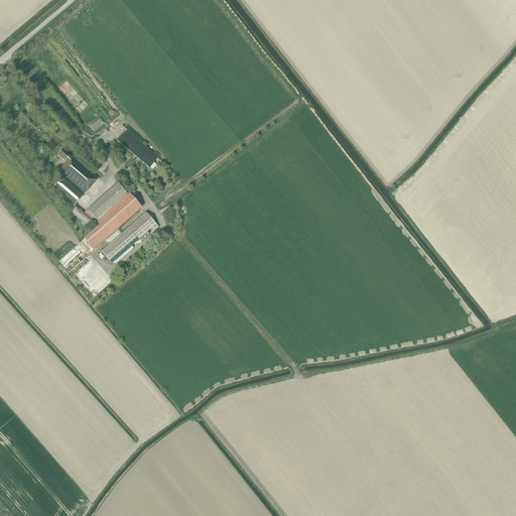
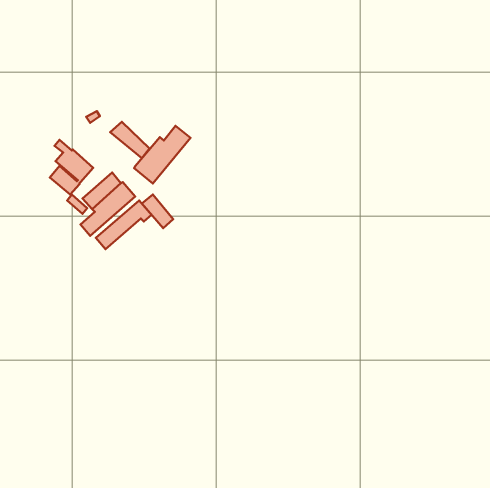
building: none -> [134,126,190,183]
building: none -> [142,195,173,228]

